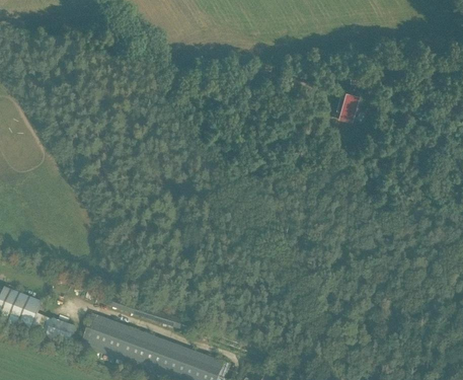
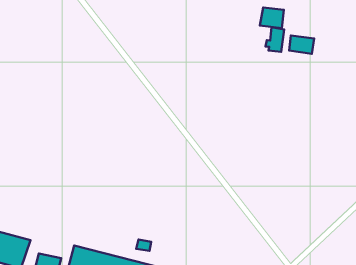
building: none -> [260,7,284,28]
building: none -> [289,36,314,54]

